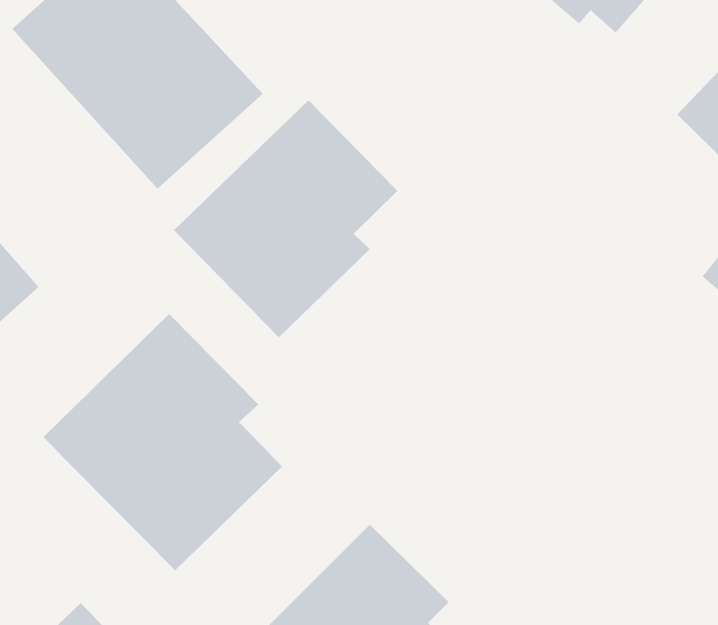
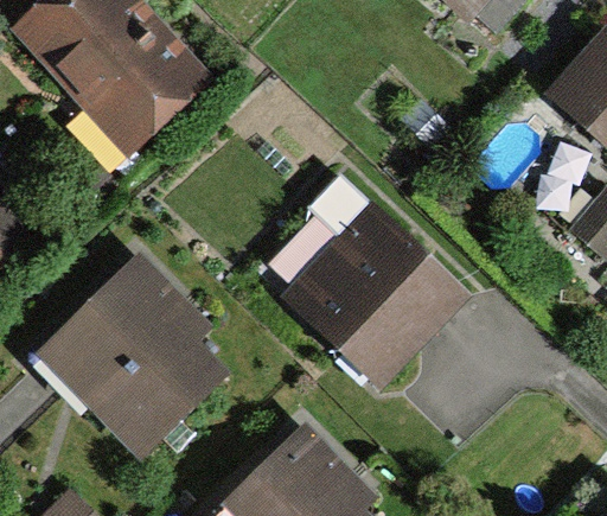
building: [173,100,398,338] -> none
building: none -> [280,173,471,393]

